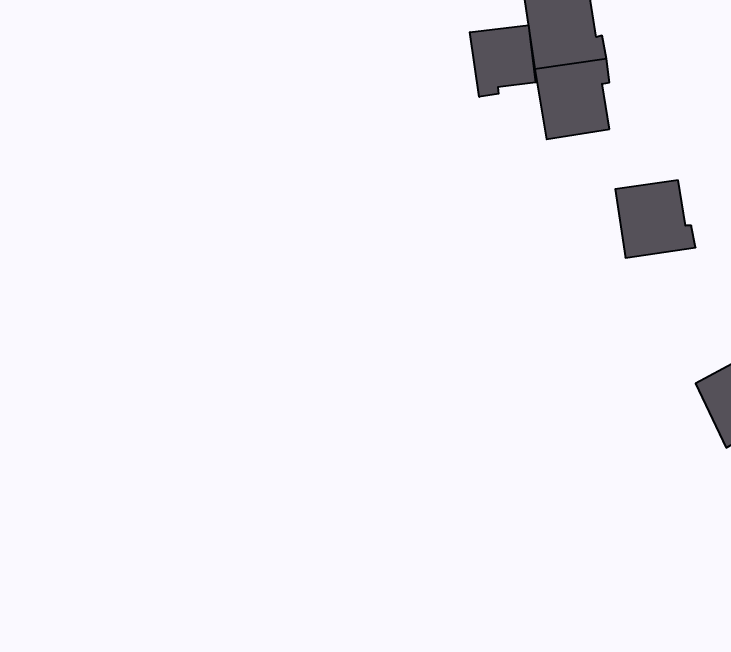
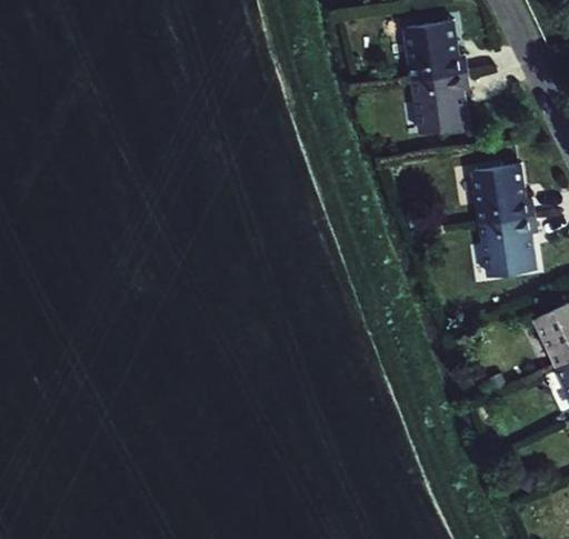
building: [470,25,536,97] -> none
building: none -> [480,218,536,278]

